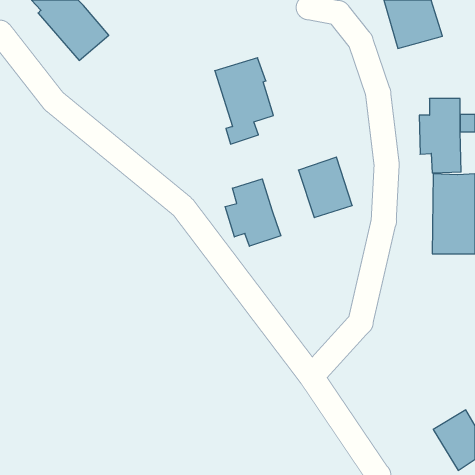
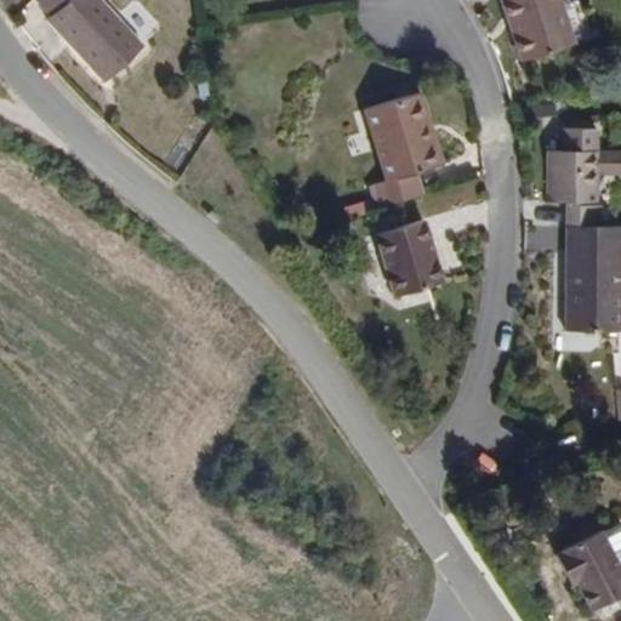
building: [215,58,273,144] -> [365,91,441,204]
building: [225,179,281,246] -> none

